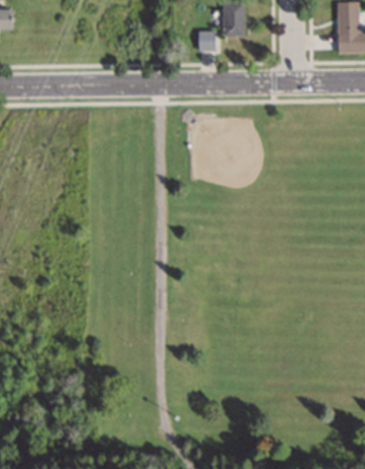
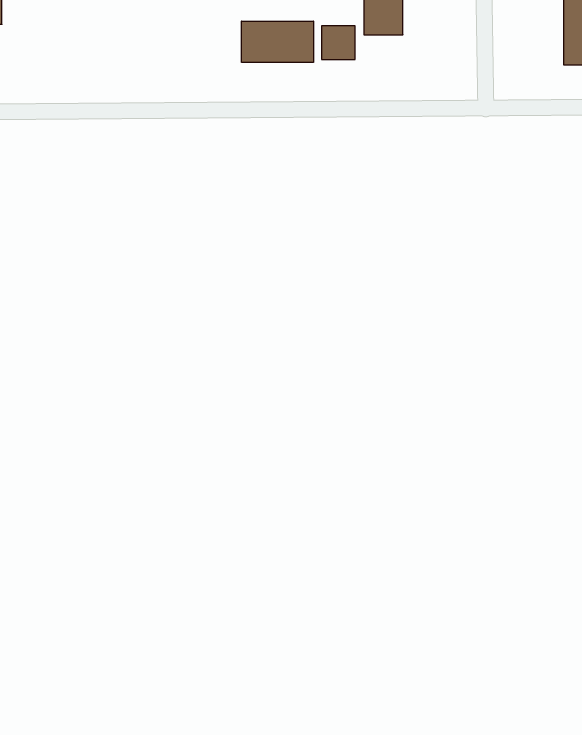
building: none -> [242,21,313,62]

